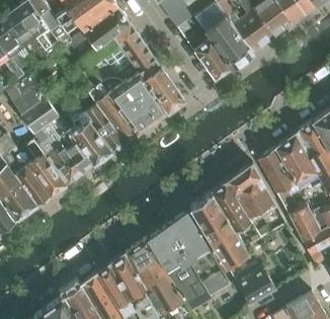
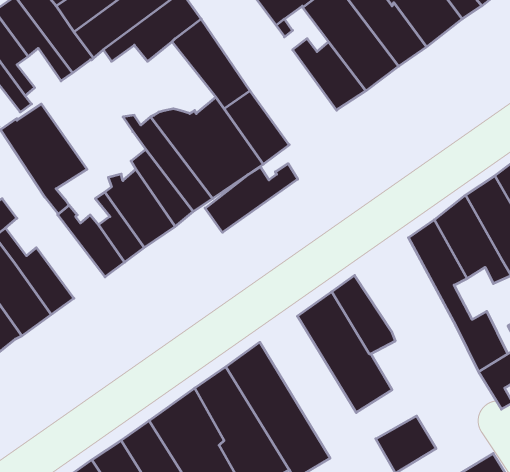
building: none -> [205,164,298,232]
building: [26,140,70,195] -> none
building: [225,162,274,217] -> none
building: [166,209,230,295] -> none

